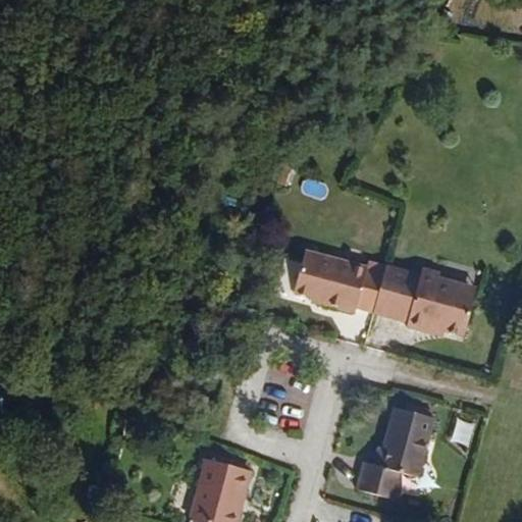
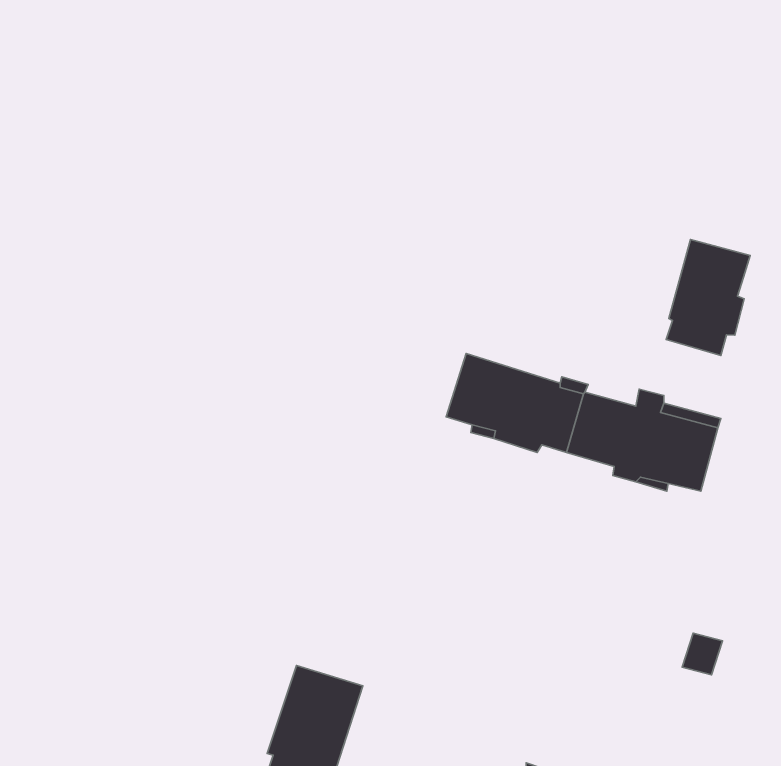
building: none -> [666,240,750,356]
building: [354,403,437,497] -> none

